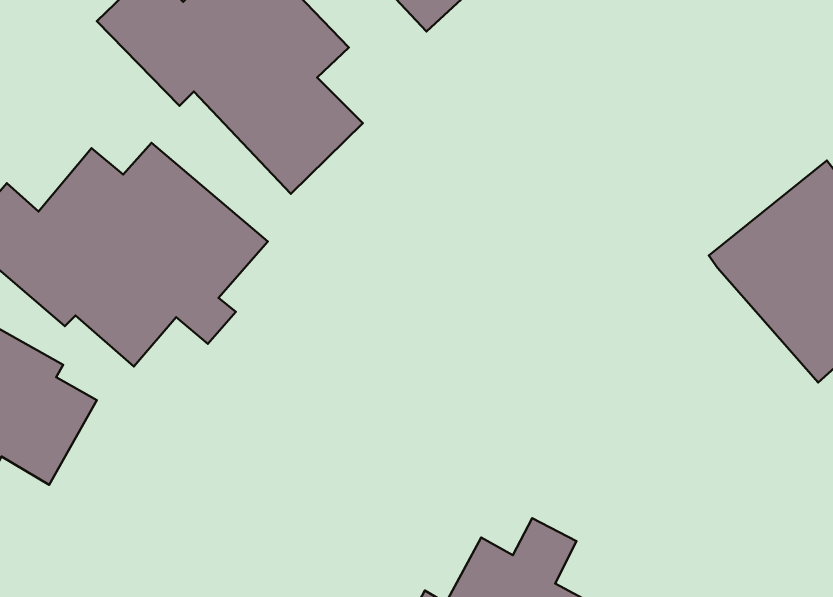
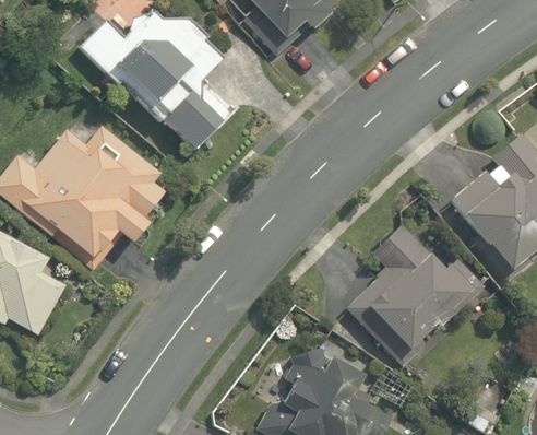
building: none -> [341,209,488,368]

